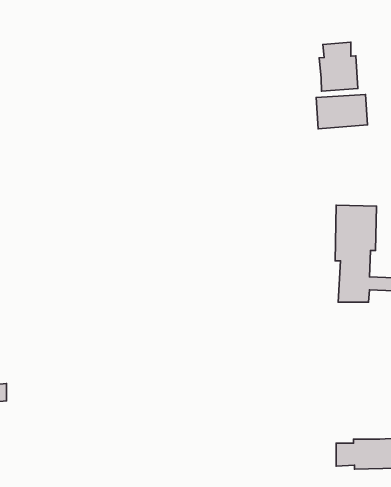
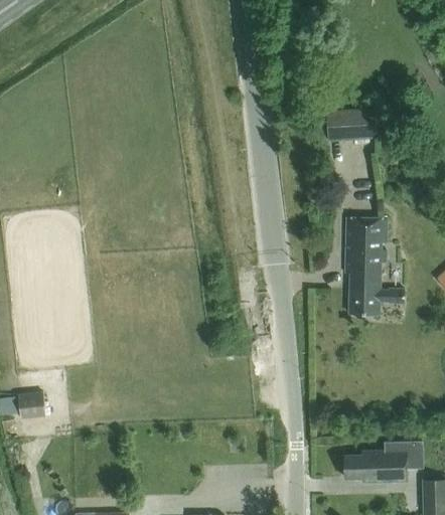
building: [319,42,358,91] -> none
building: none -> [16,392,44,416]

